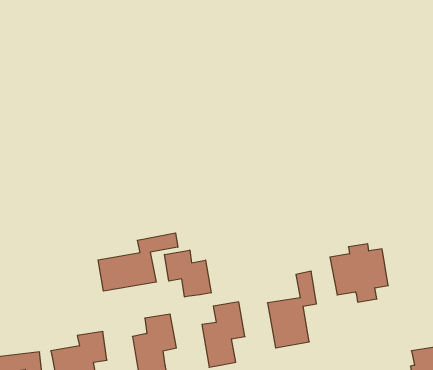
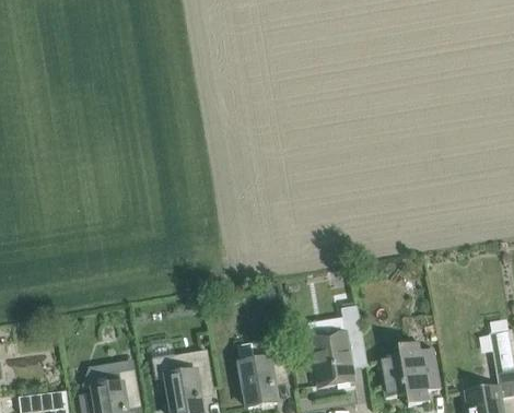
building: [98,233,178,291] -> none
building: [330,244,388,302] -> [376,343,439,405]
building: [165,250,211,297] -> none

